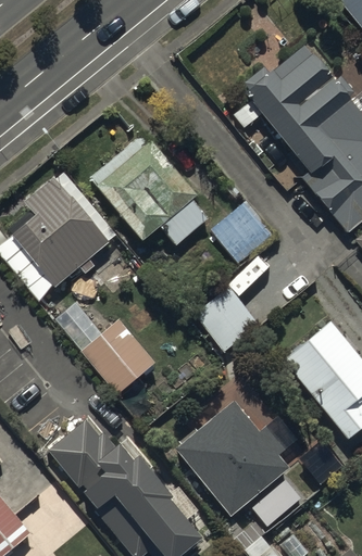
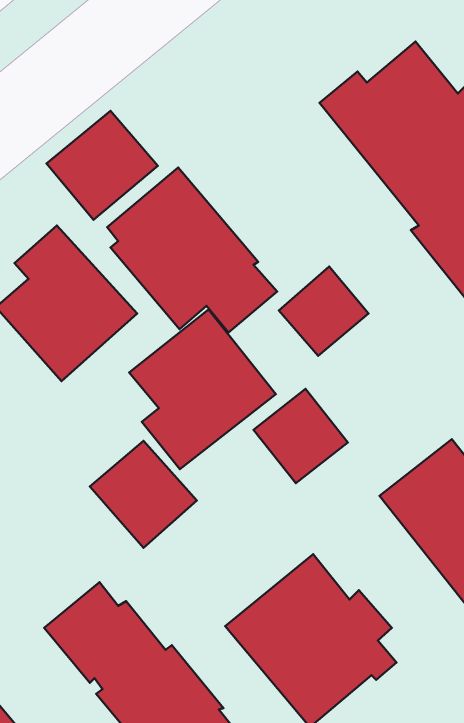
building: none -> [46,111,158,220]
building: none -> [129,309,276,469]

